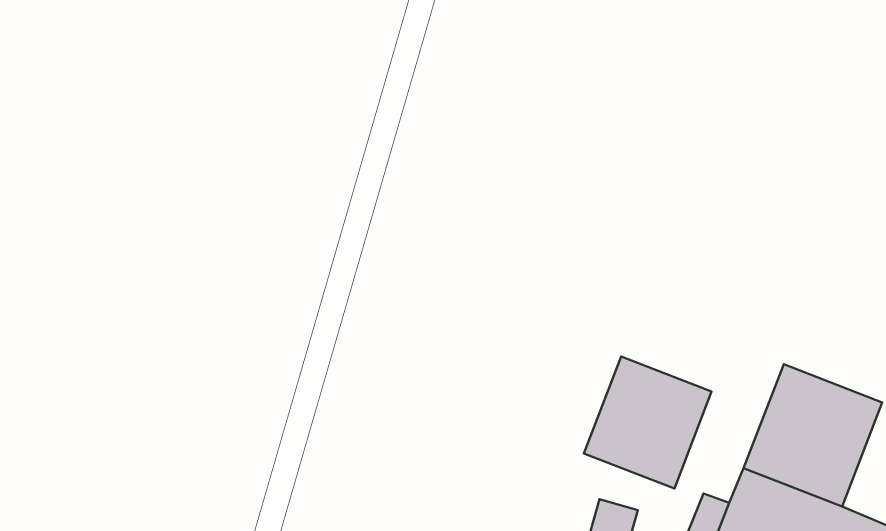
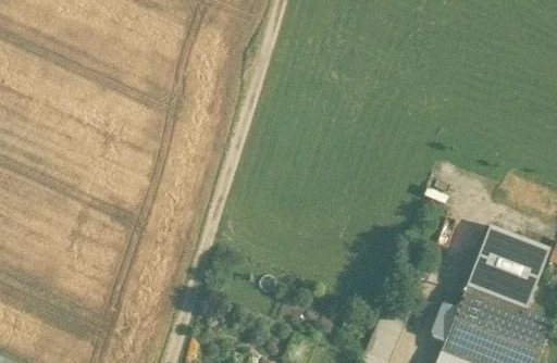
building: [584,357,712,488] -> none

